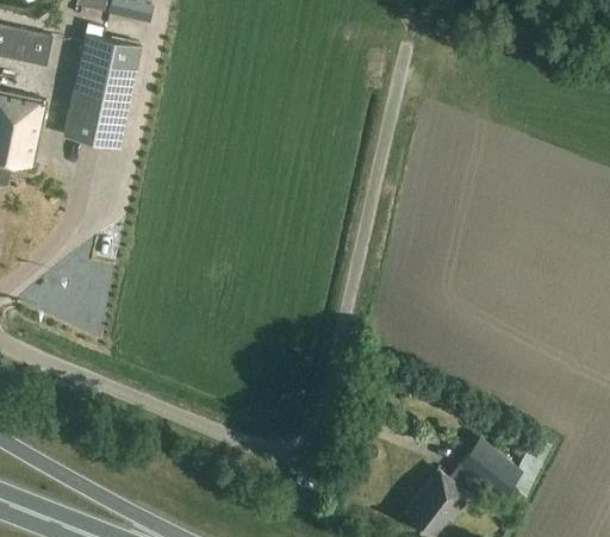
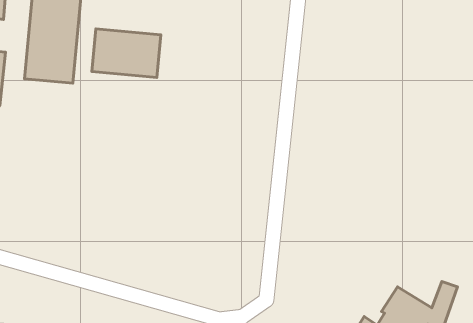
building: none -> [92,29,161,78]

